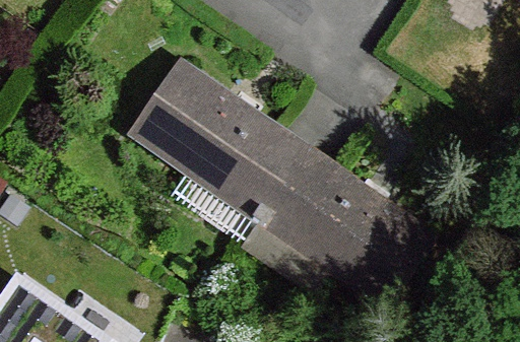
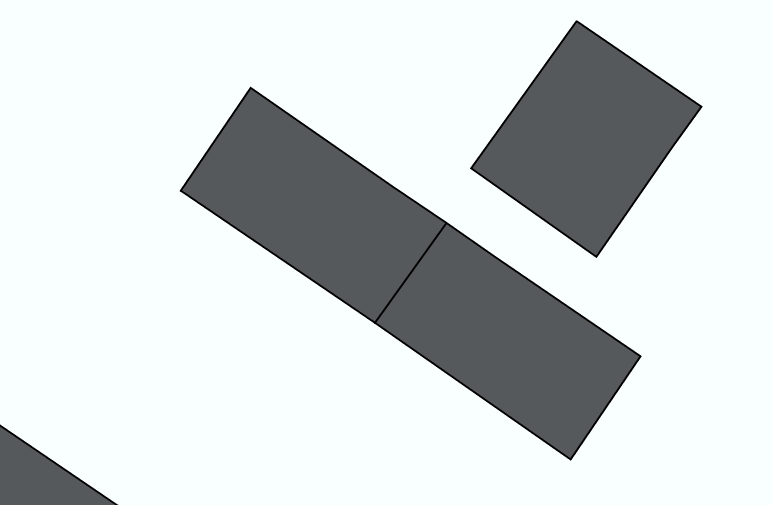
building: none -> [471,21,702,257]

